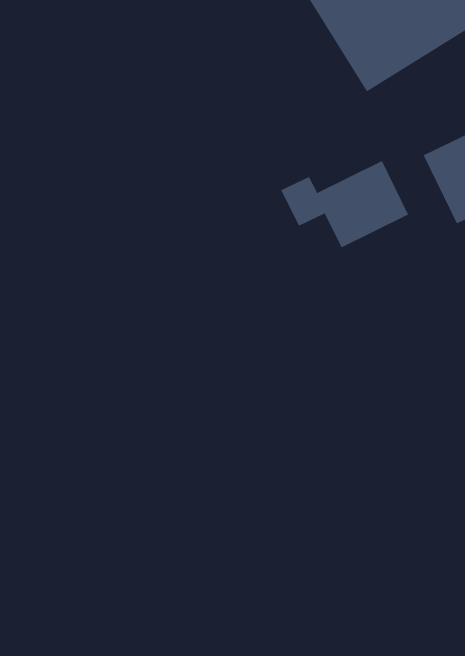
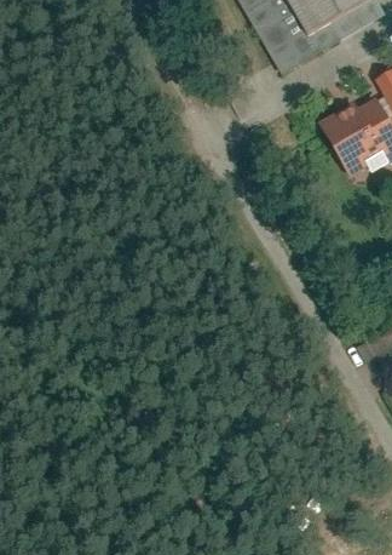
building: [280,160,409,248] -> none

